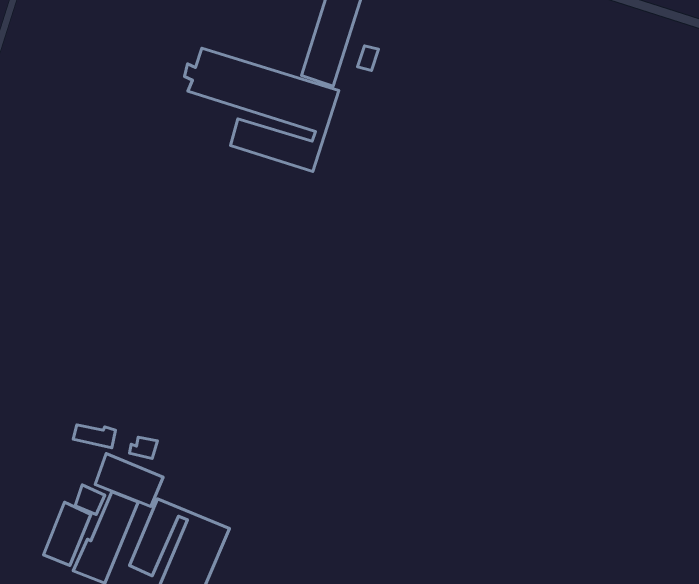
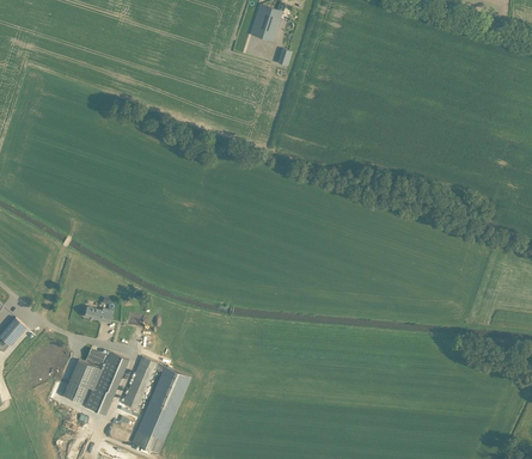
building: [185,48,339,171] -> none
building: [95,454,163,507] -> none

